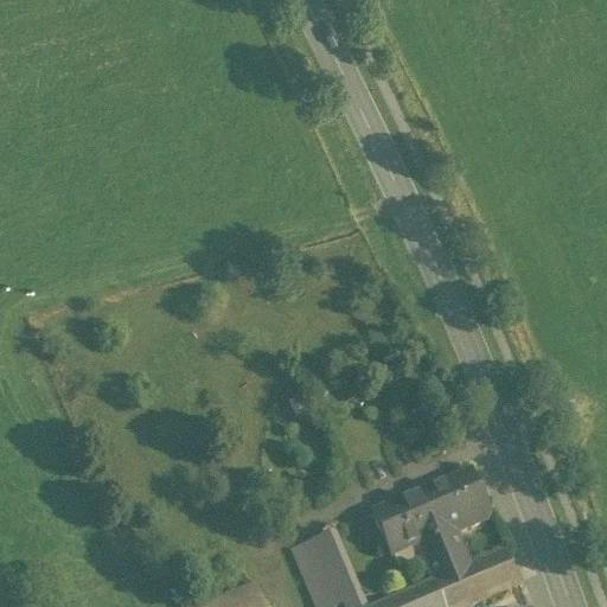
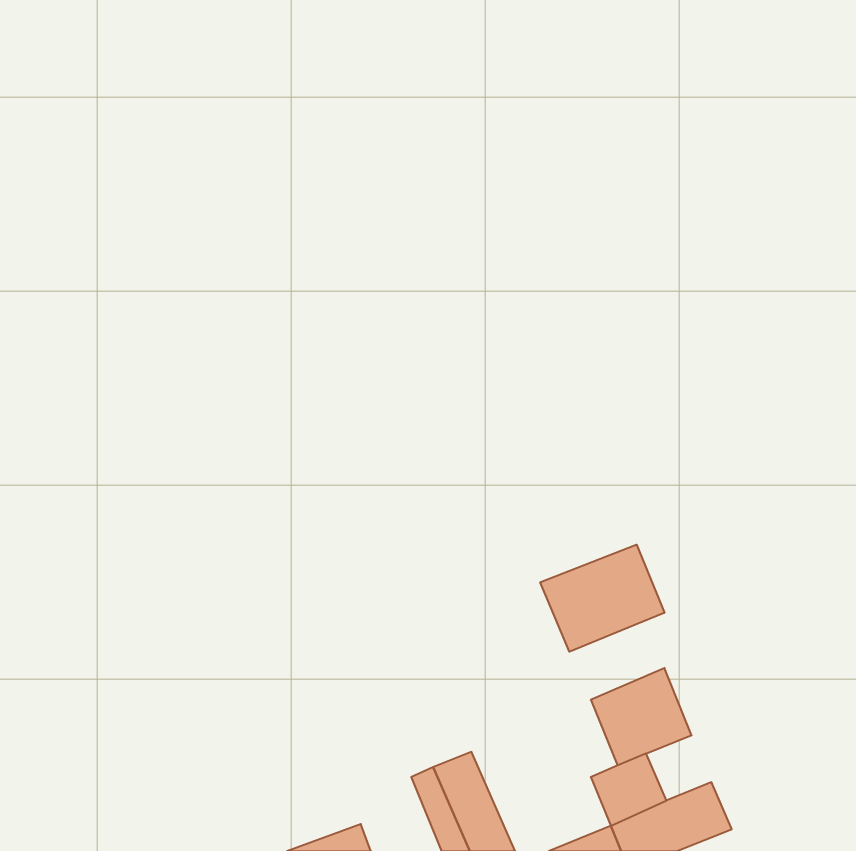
building: none -> [540,545,664,652]
building: [372,494,436,552] -> none

